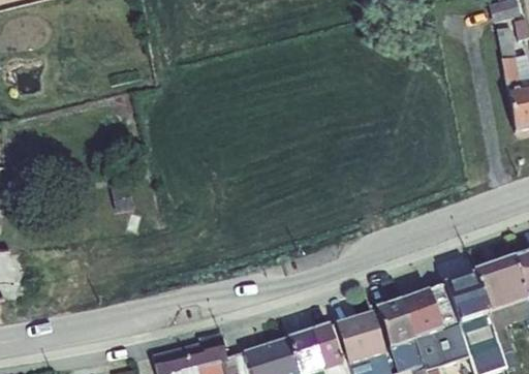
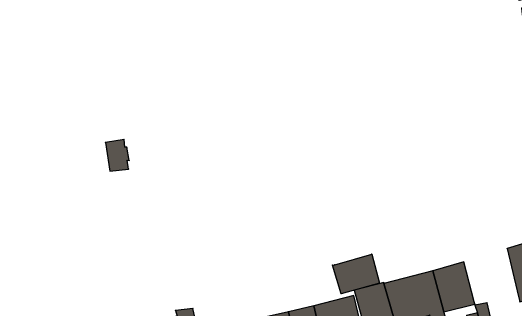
building: [469,258,522,311] -> none
building: none -> [332,254,380,294]

